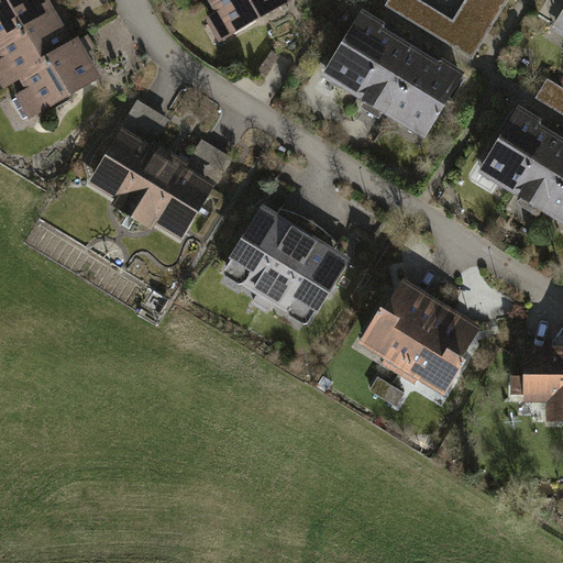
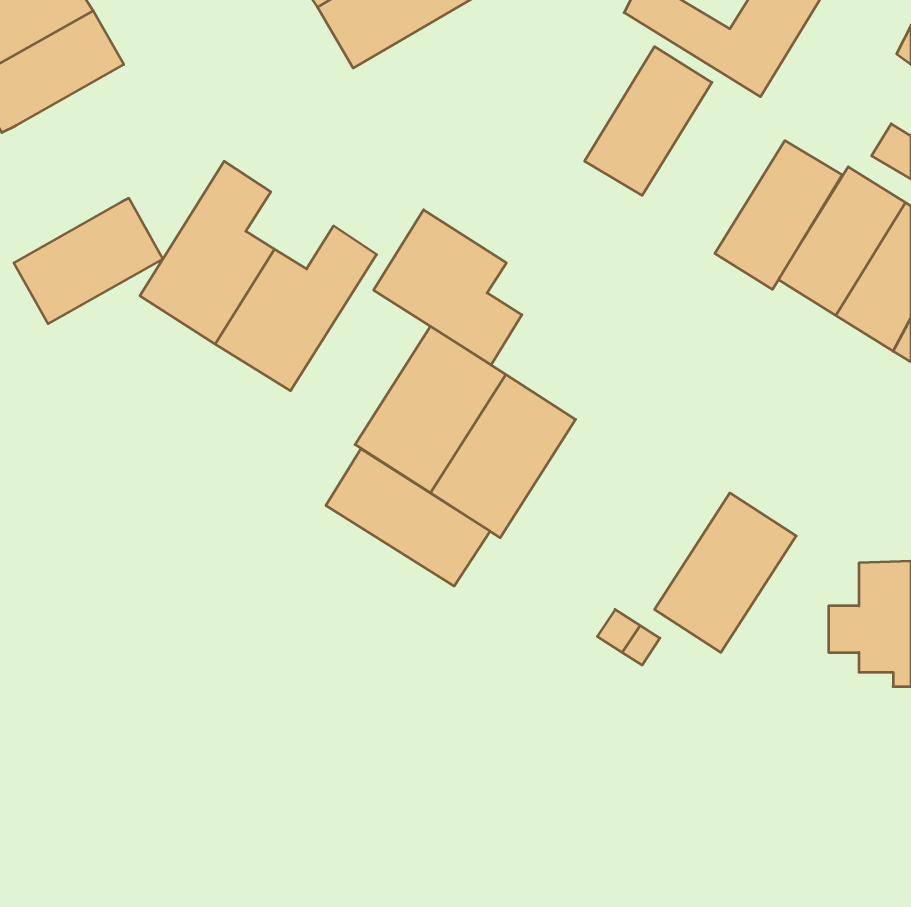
building: [323,7,401,99] -> none
building: [10,37,101,114] -> [14,198,163,324]
building: [394,51,472,142] -> [715,141,842,289]
building: none -> [374,210,522,365]
building: none -> [326,449,490,586]
building: [360,276,448,374] -> none

